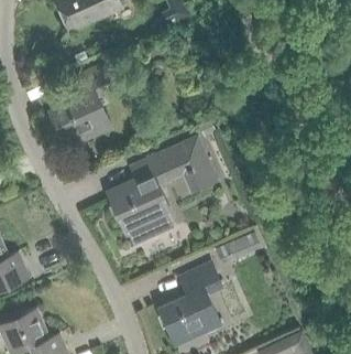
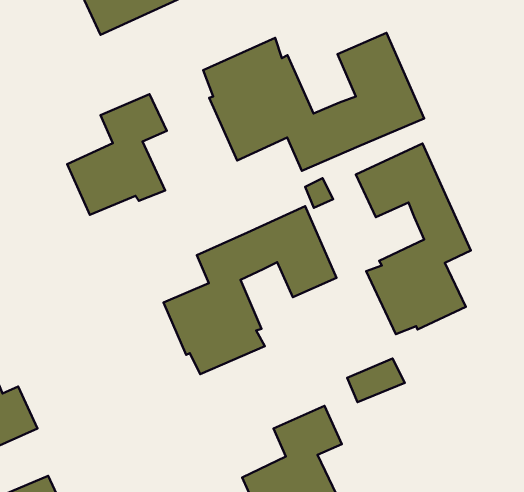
building: none -> [203,33,424,171]
building: none -> [356,143,471,334]

